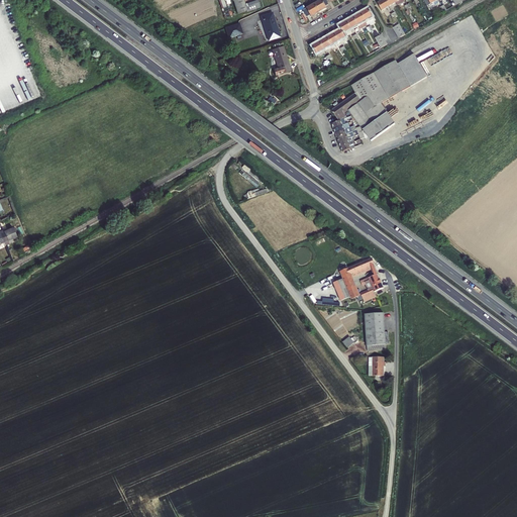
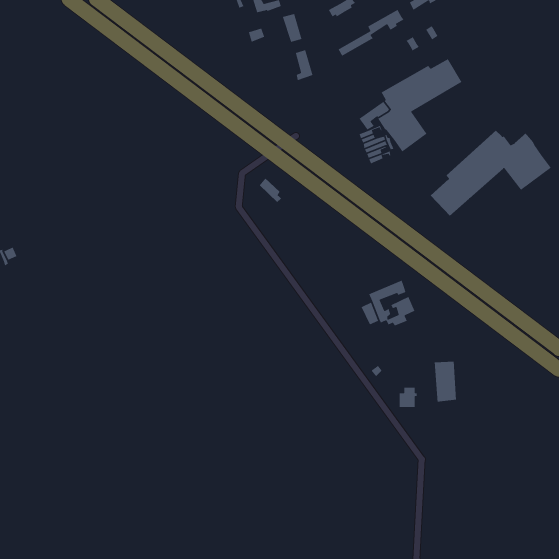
building: none -> [430,130,552,217]
building: [364,312,385,350] -> [434,361,457,403]

